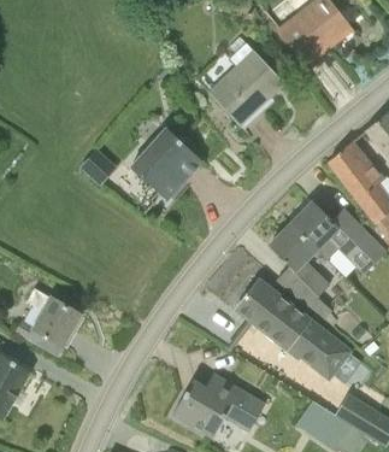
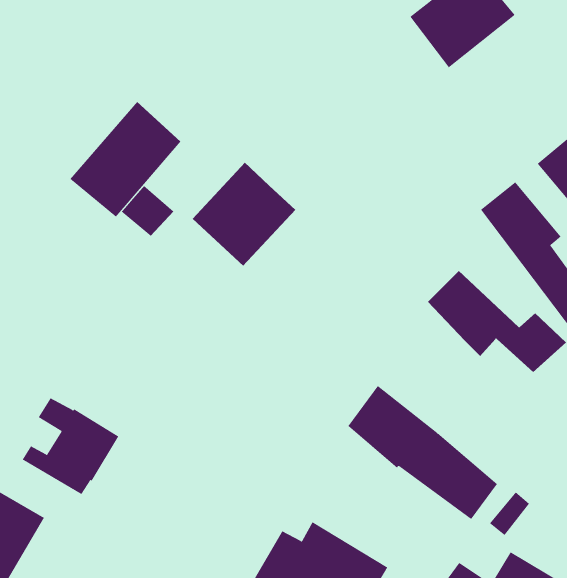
building: [210,42,284,124] -> none
building: none -> [70,101,181,217]
building: [270,223,335,318] -> none

